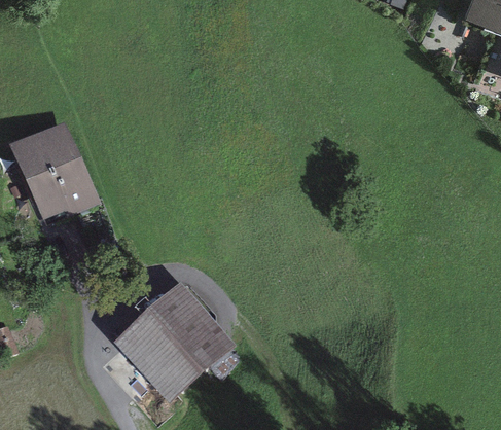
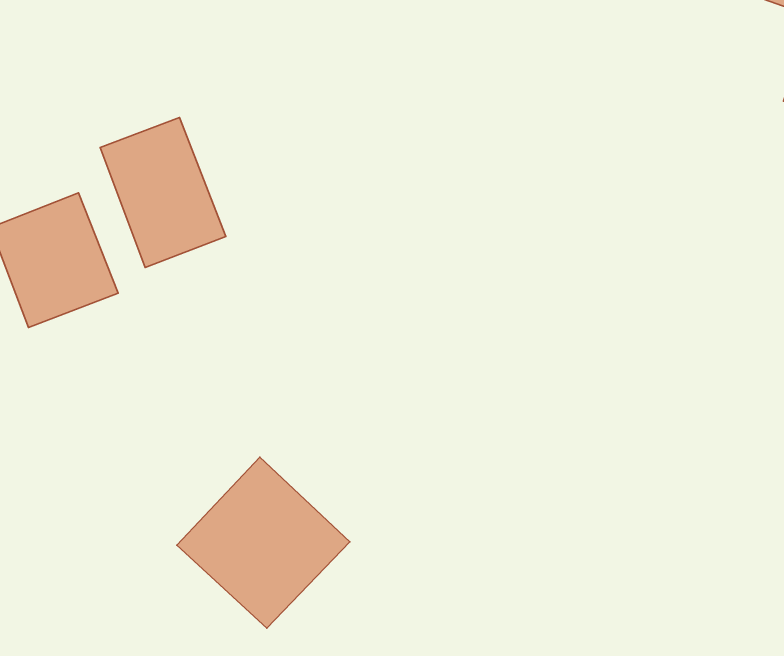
building: none -> [100,118,226,267]

